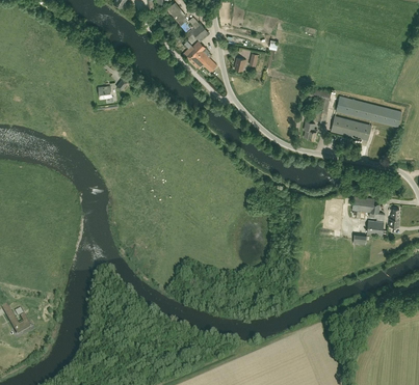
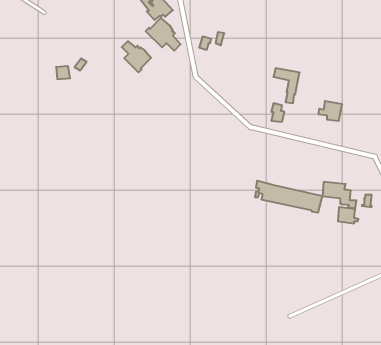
building: none -> [122,41,151,72]
building: [338,97,402,127] -> [255,181,323,212]

